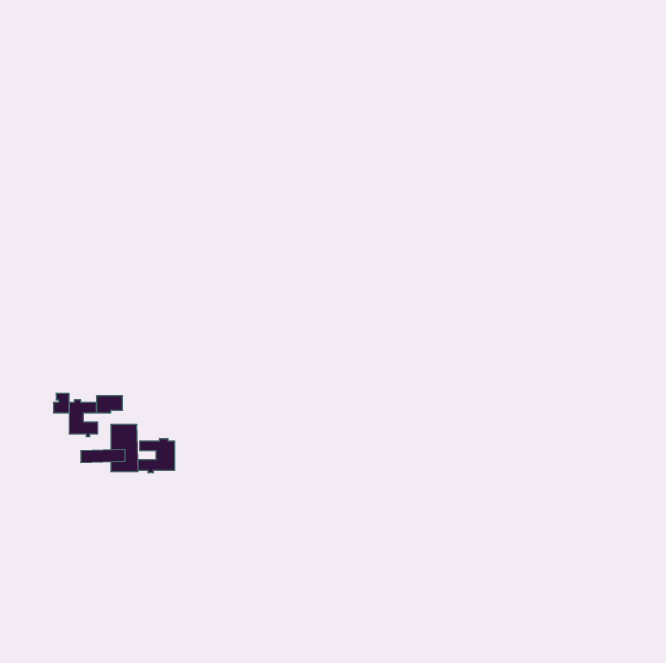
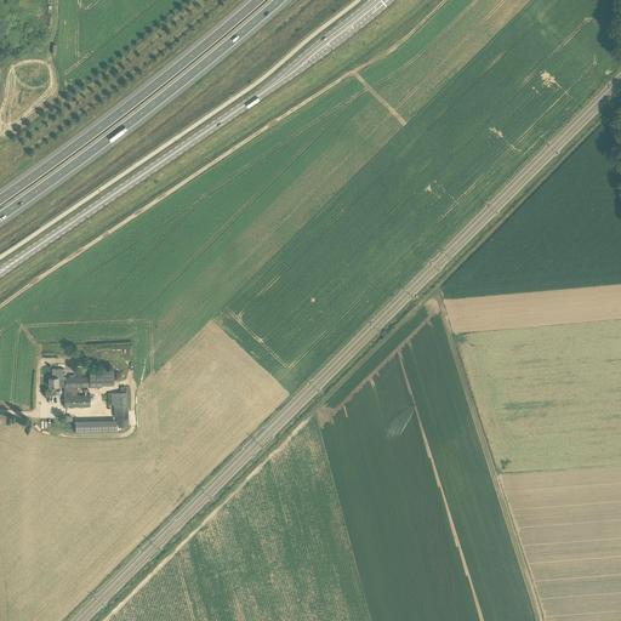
building: [138,438,175,473] -> none

